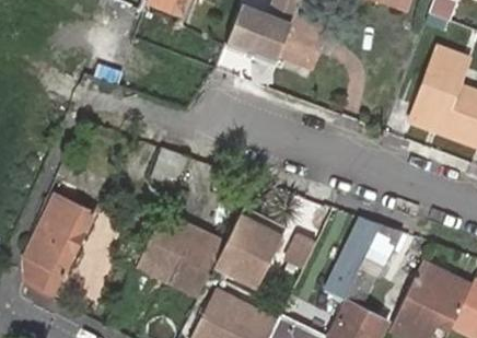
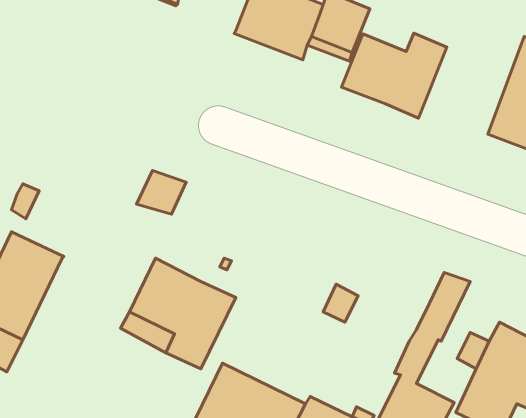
building: none -> [341,33,447,118]
building: [211,201,281,287] -> none
building: [336,217,381,276] -> none

